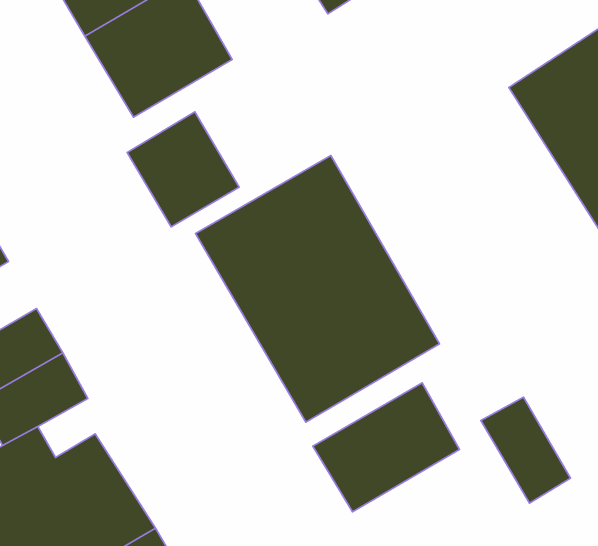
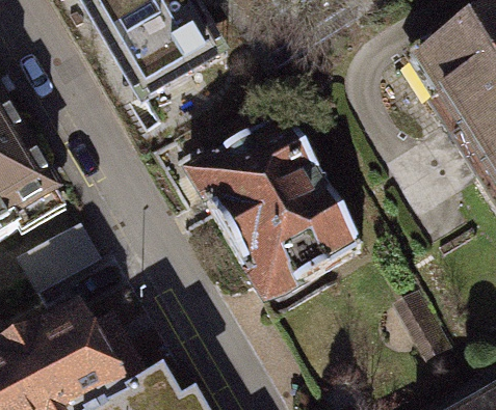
building: [127,112,239,227] -> none
building: [313,383,459,512] -> none

